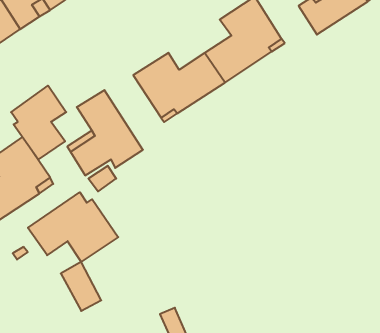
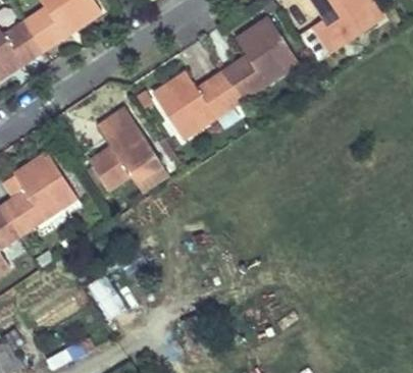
building: [11,86,66,160] -> none
building: [28,192,118,262] -> none

